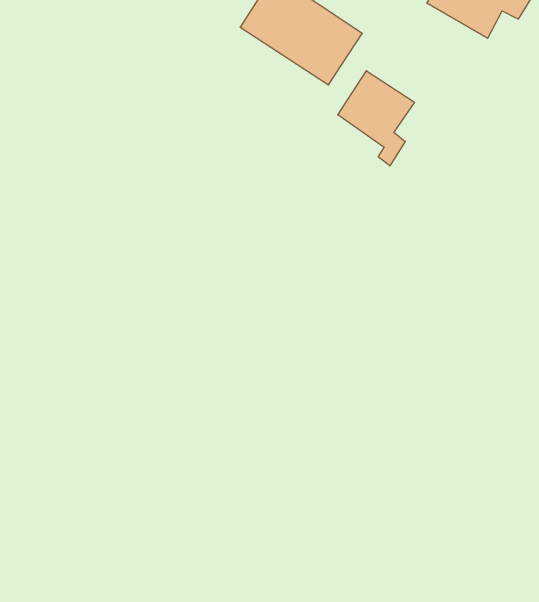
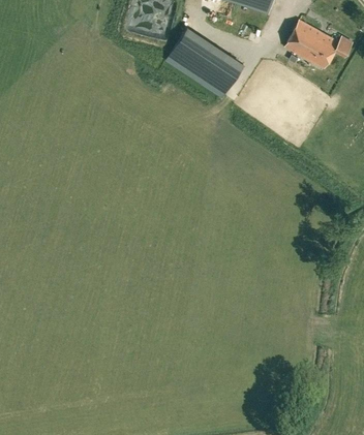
building: [338,71,415,166] -> none

